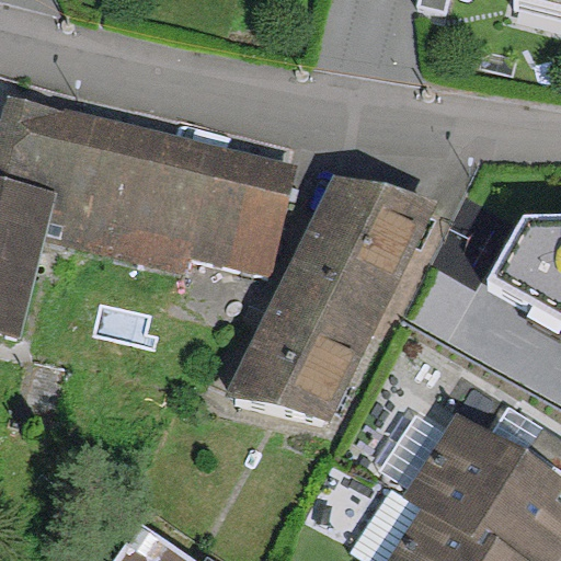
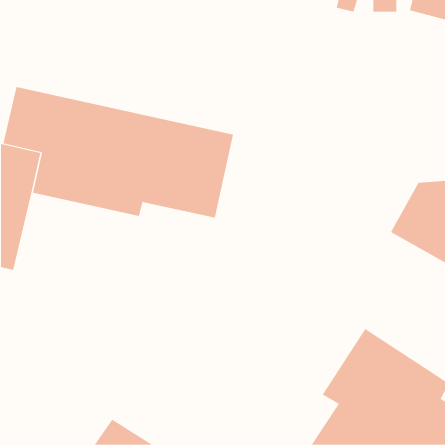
building: [224,176,432,420] -> none

